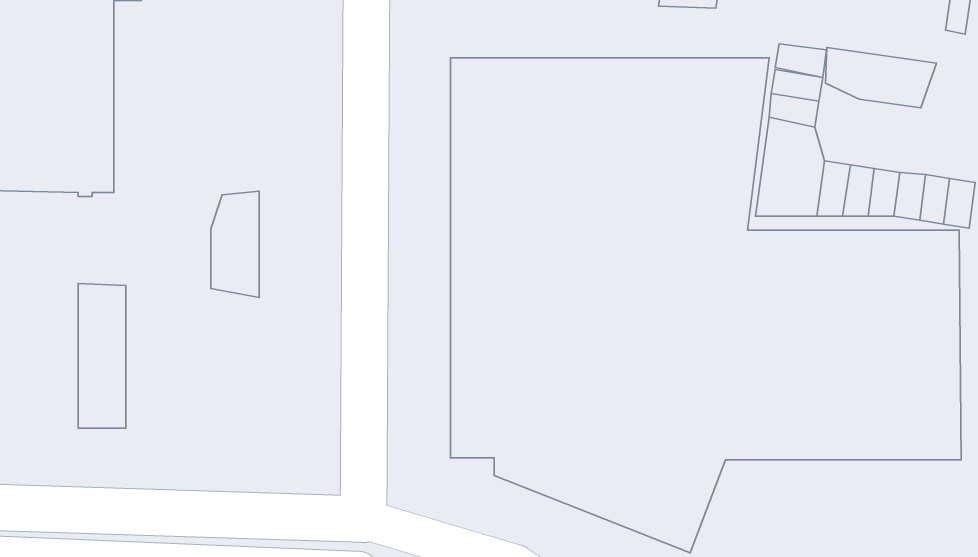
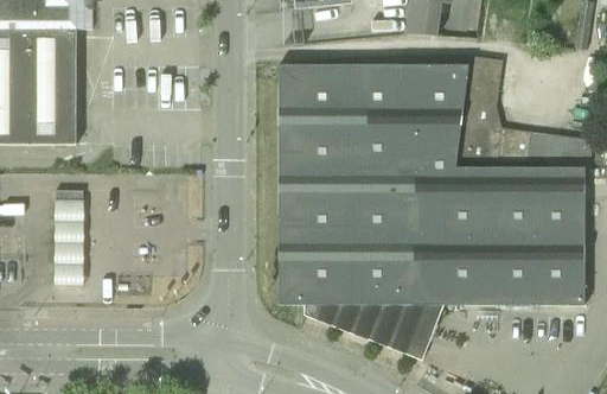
building: [826,48,937,108] -> none
building: [211,191,259,297] -> none

